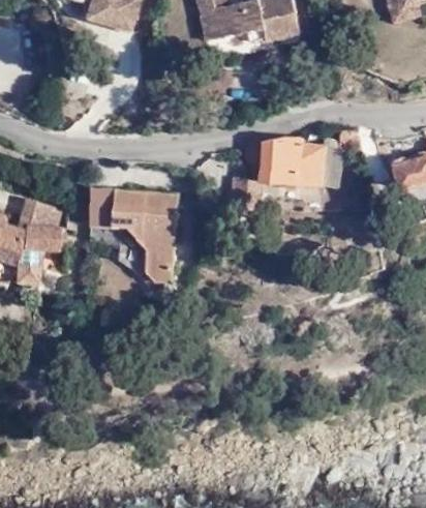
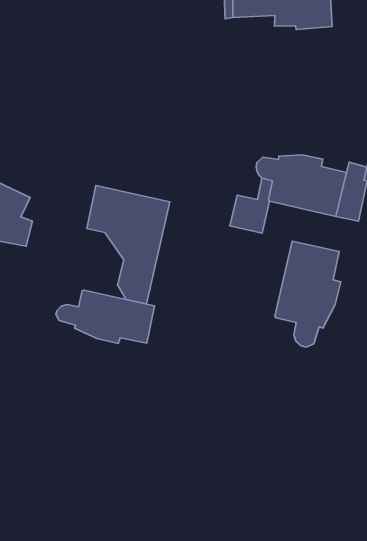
building: [89,191,115,231] -> none
building: none -> [275,241,341,347]
building: none -> [56,290,155,344]

